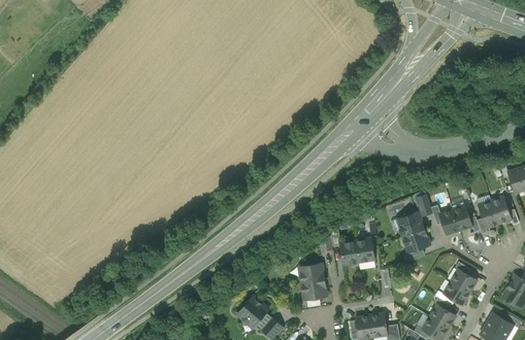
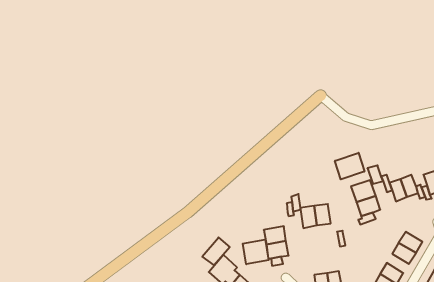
building: none -> [335,153,364,179]
building: none -> [202,237,230,265]
building: none -> [243,239,269,264]

